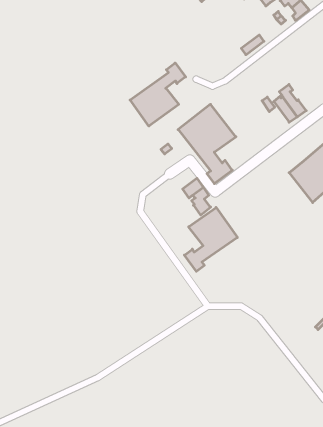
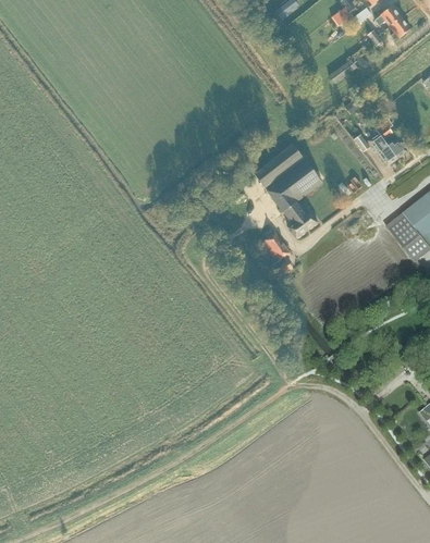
building: [130,63,186,126] -> none
building: [184,207,237,271] -> none

